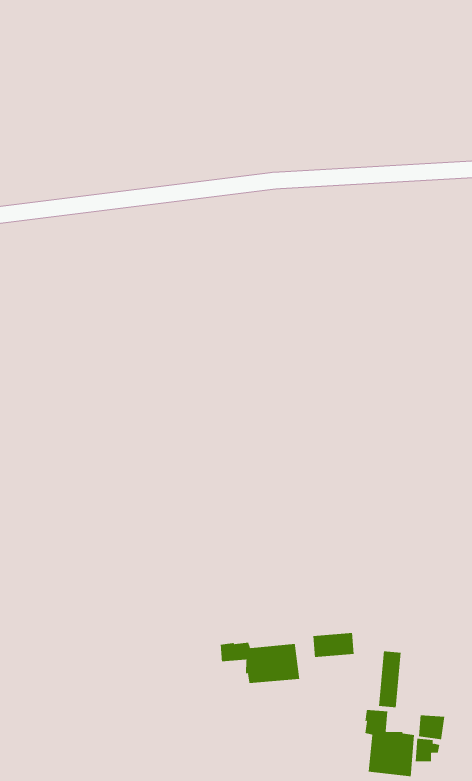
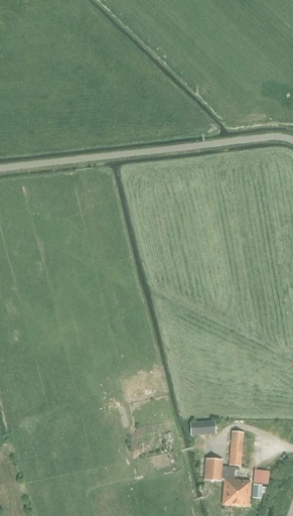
building: [220,642,300,684] -> none
building: none -> [203,458,222,481]

